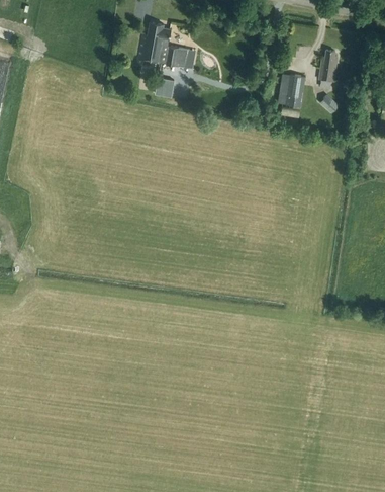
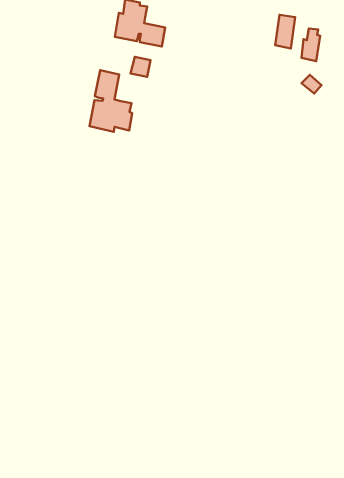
building: [286,76,305,108] -> [275,15,295,48]
building: none -> [89,70,132,132]

